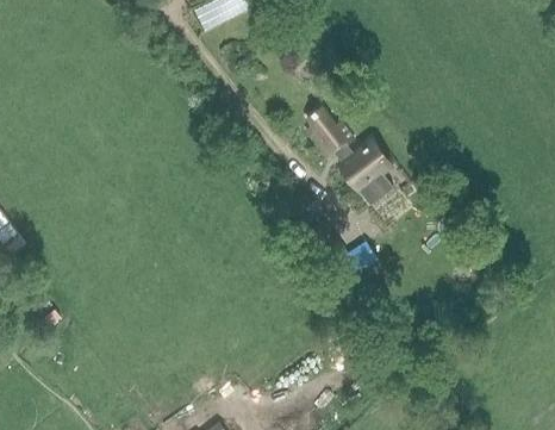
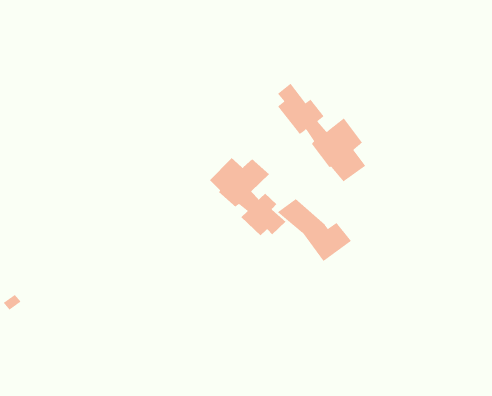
building: none -> [209,157,287,236]

